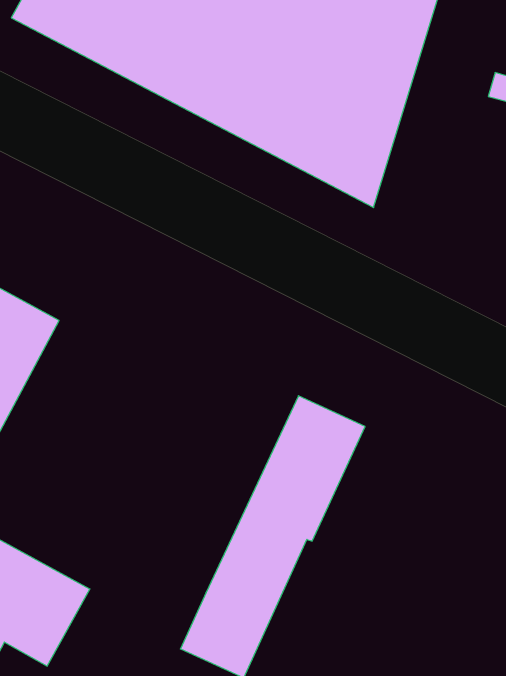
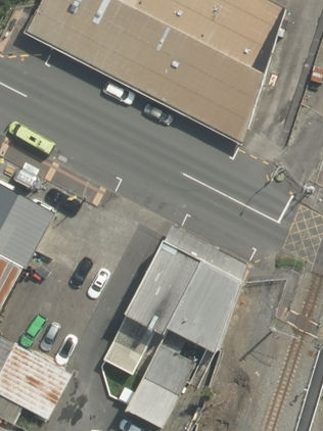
building: none -> [101,237,197,376]

